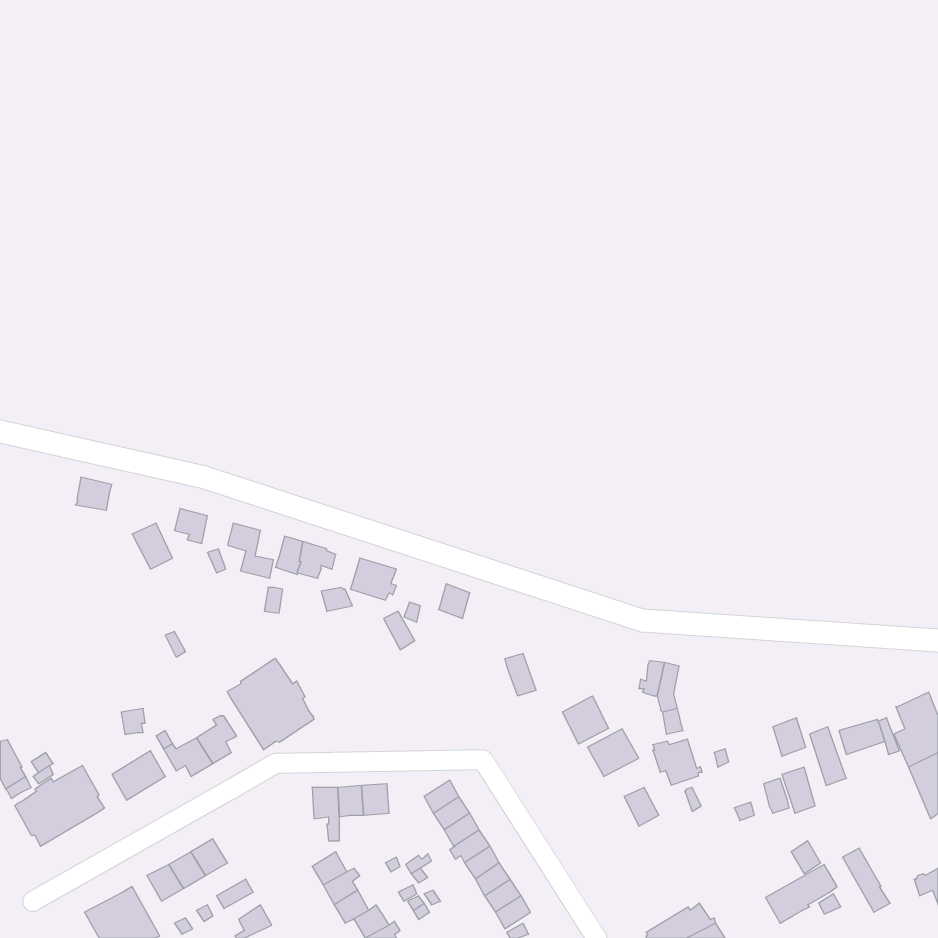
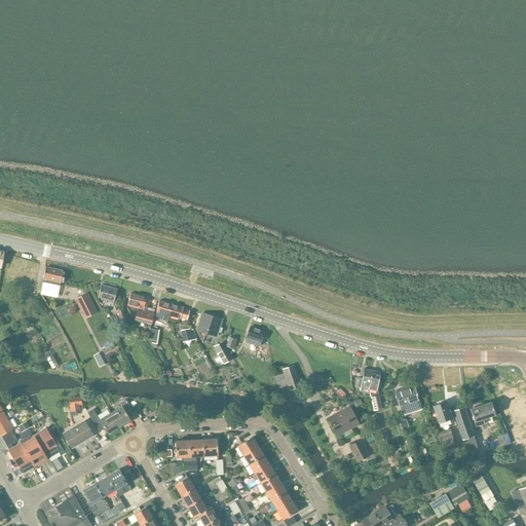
building: [227,658,314,750] -> none
building: [563,696,609,744] -> none
building: [653,739,702,785] -> [394,387,422,413]

